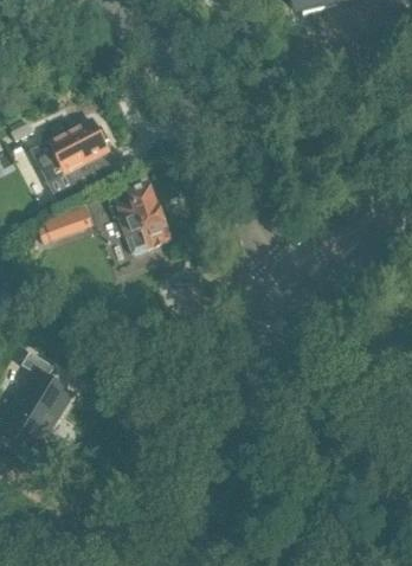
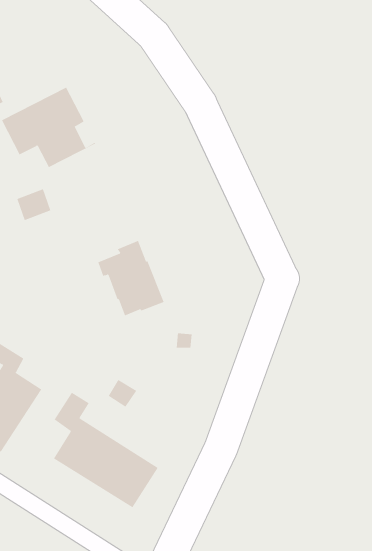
building: [111,181,173,251] -> [98,240,164,316]
building: none -> [53,392,158,508]

